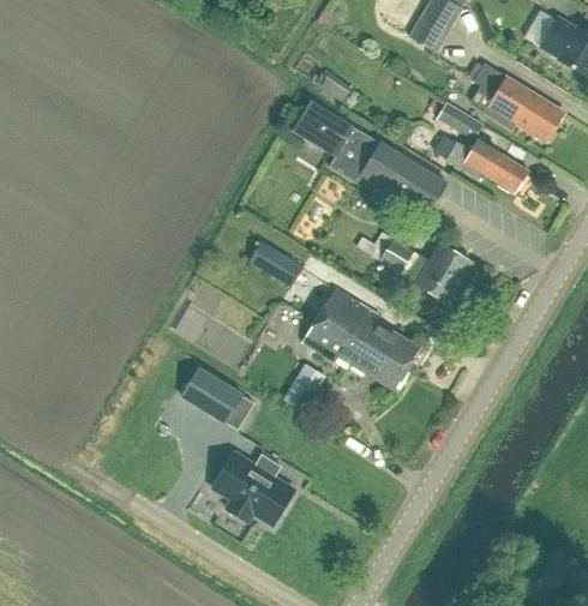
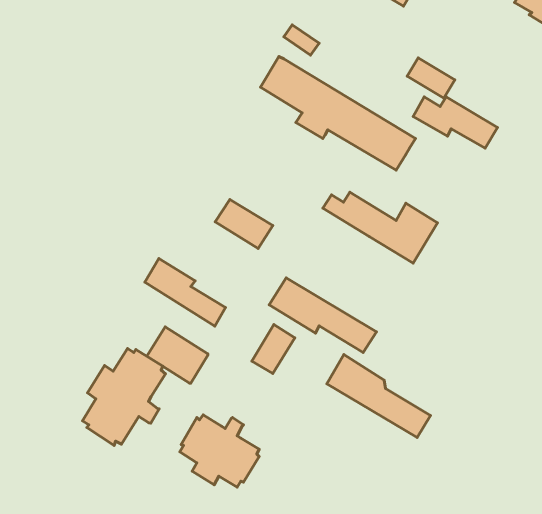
building: [474,61,564,139] -> none
building: [318,288,420,370] -> [327,354,431,438]
building: none -> [145,258,225,326]
building: none -> [83,348,166,445]

